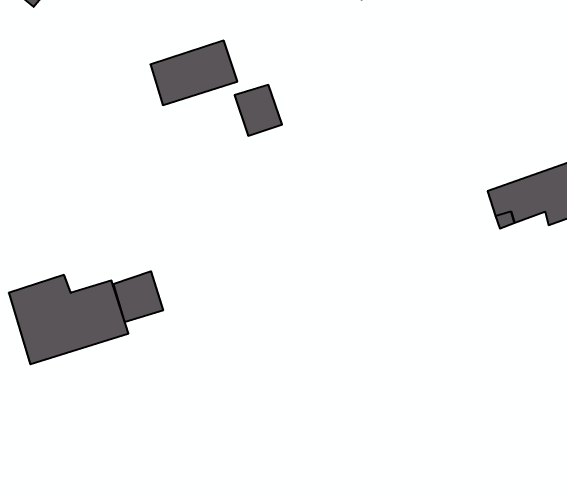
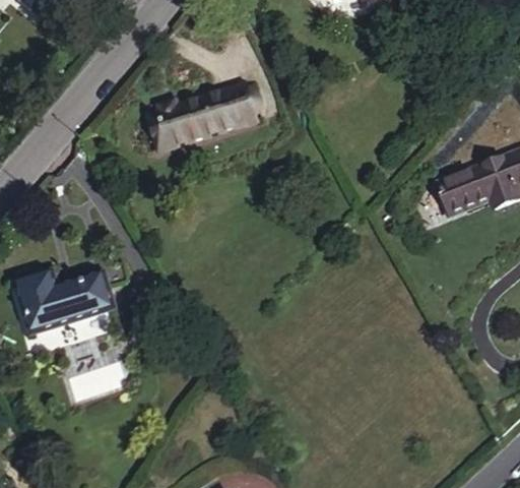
building: [150,41,237,105] -> [148,90,226,148]
building: [113,271,163,322] -> none

